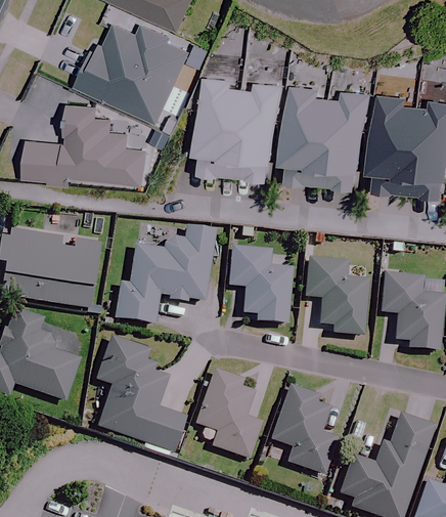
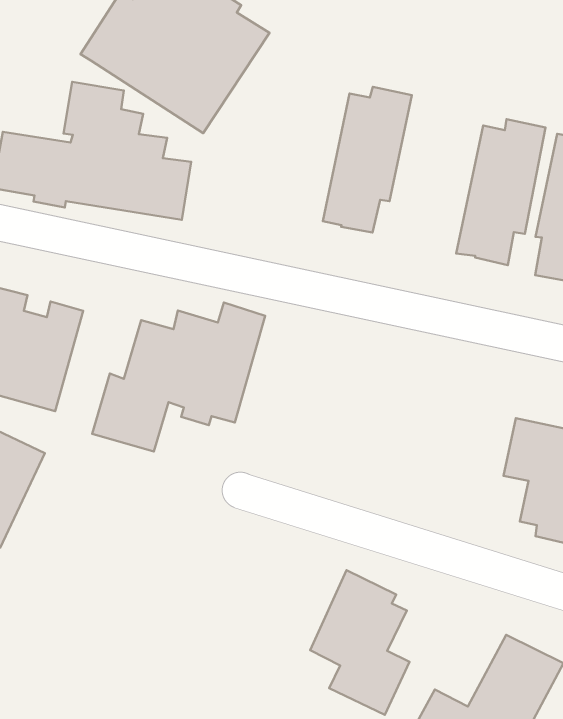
building: [207,70,251,164] -> none
building: [296,79,339,173] -> none
building: [229,246,293,322] -> none
building: [306,258,368,335] -> none
building: [97,335,186,451] -> none
building: [195,368,263,459] -> none

